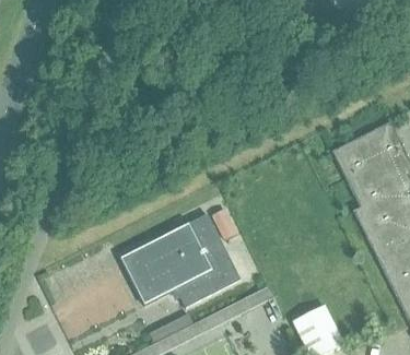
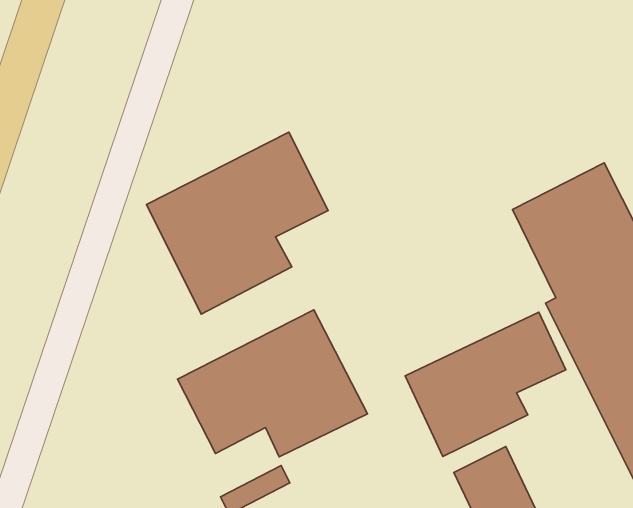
building: none -> [147,132,328,314]
building: none -> [405,312,566,457]

